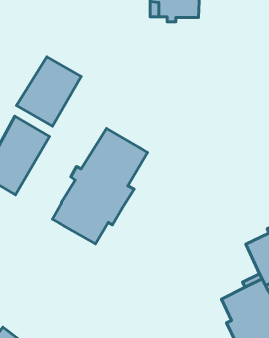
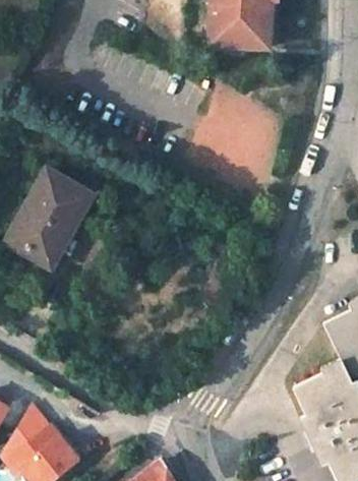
building: [17,57,81,126] -> none
building: [52,128,148,244] -> none

